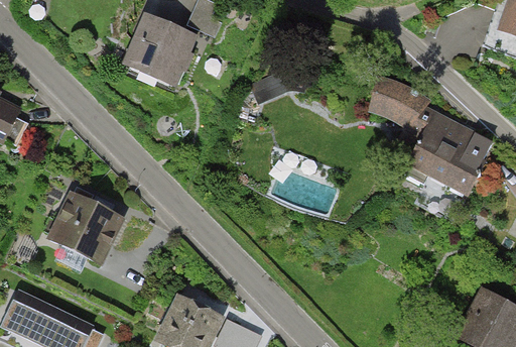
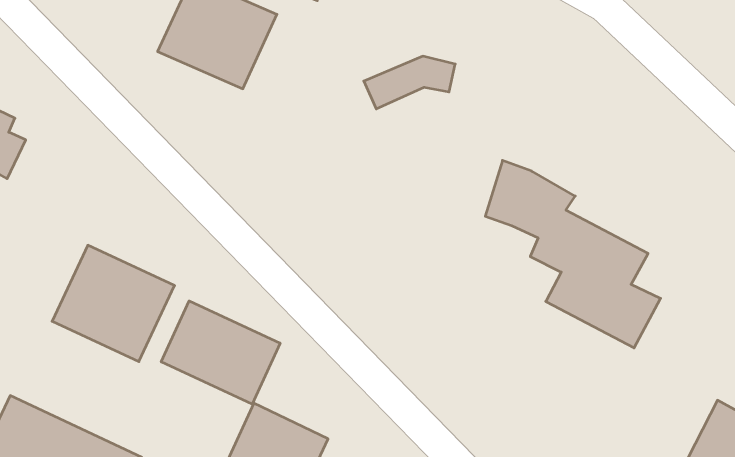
building: [371,73,485,195] -> [485,160,661,348]
building: none -> [161,301,280,404]

